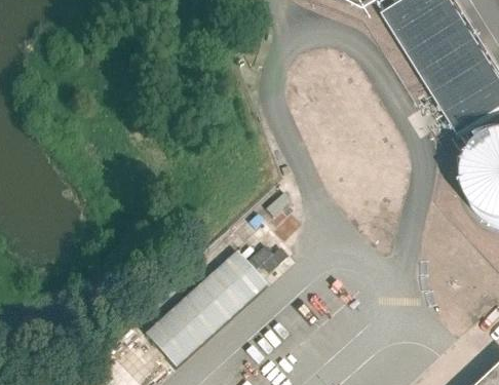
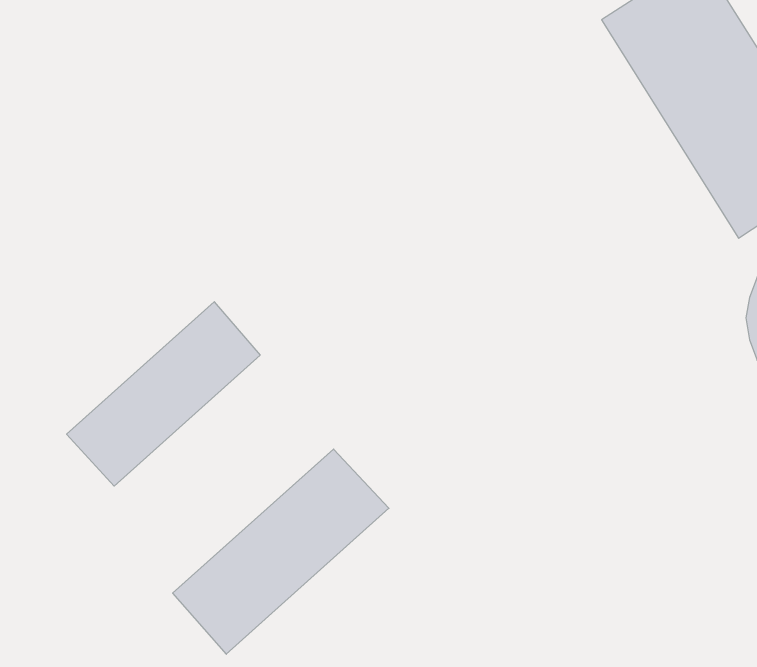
building: none -> [67,302,260,486]

